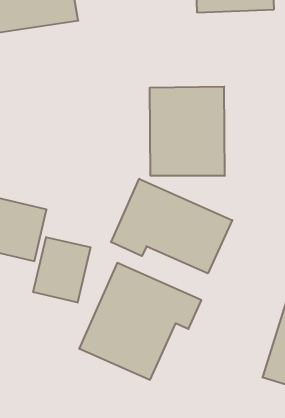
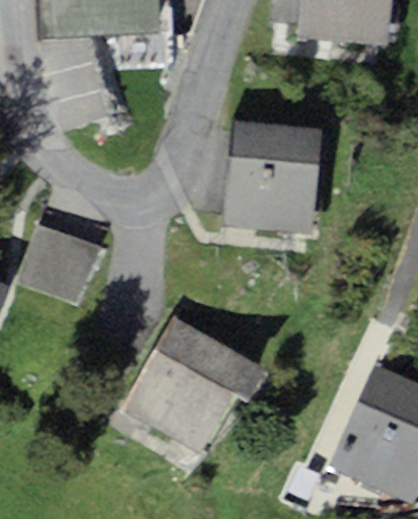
building: [111,179,232,273] -> none
building: [33,237,90,303] -> none

